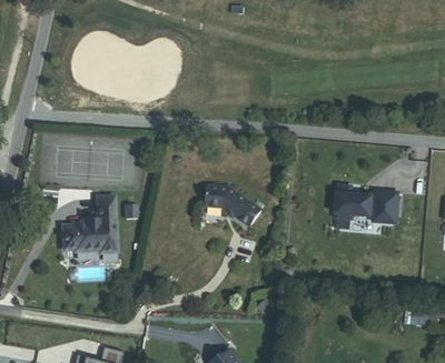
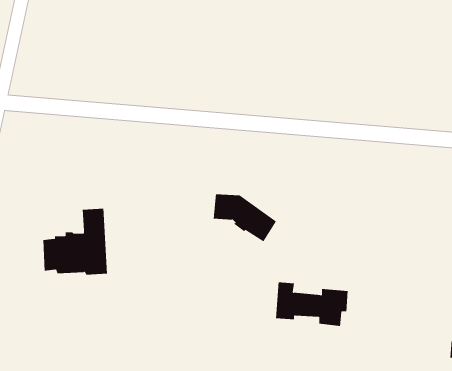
building: [338,185,400,223] -> [275,282,349,326]

